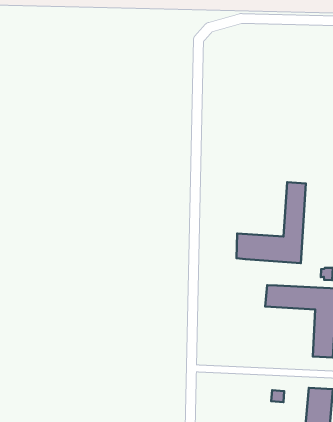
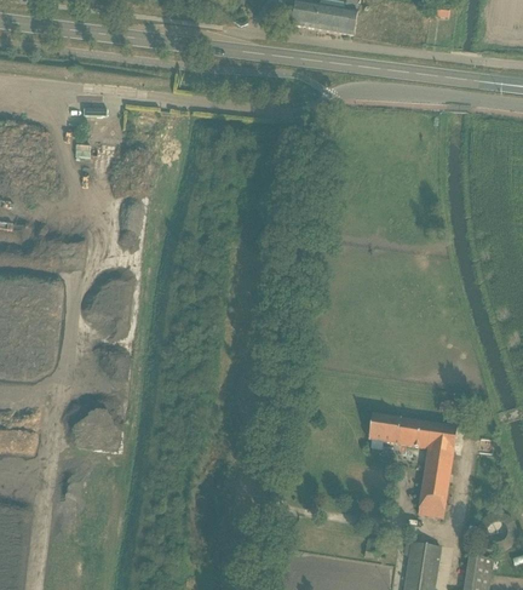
building: [236,182,306,263] -> none

